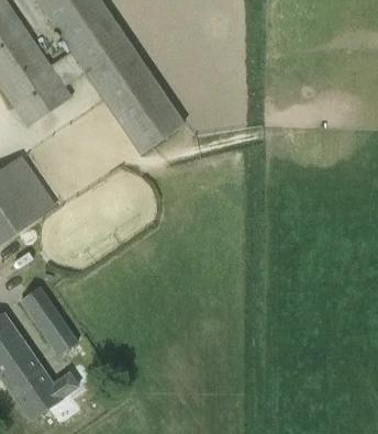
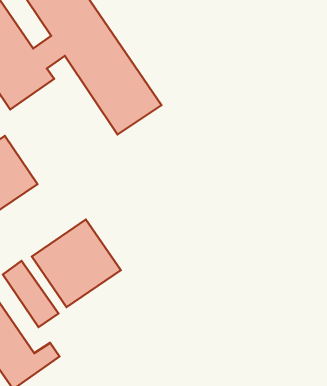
building: none -> [32,219,121,307]

